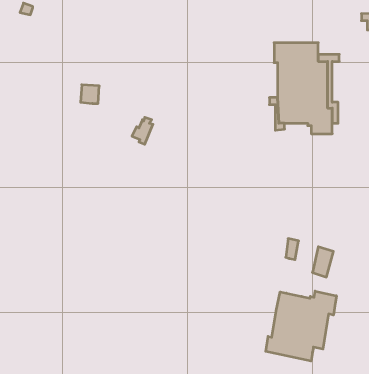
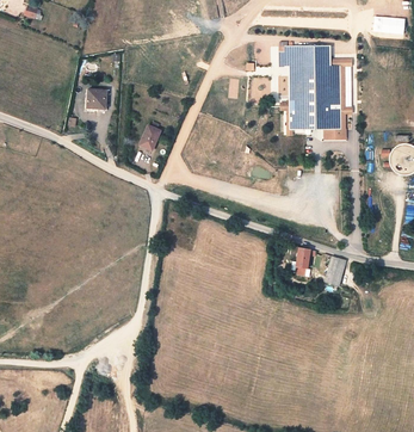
building: [266,291,336,361] -> none

